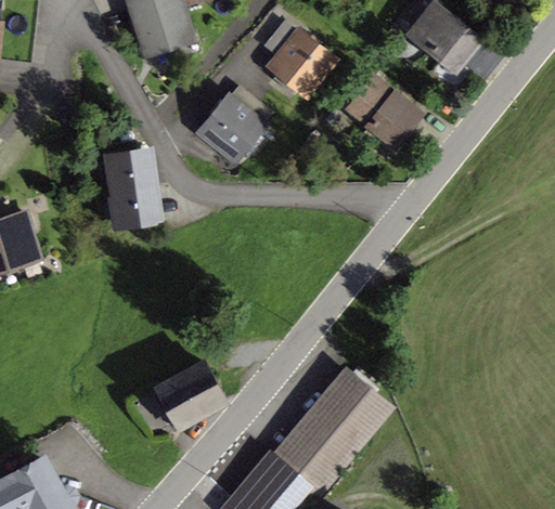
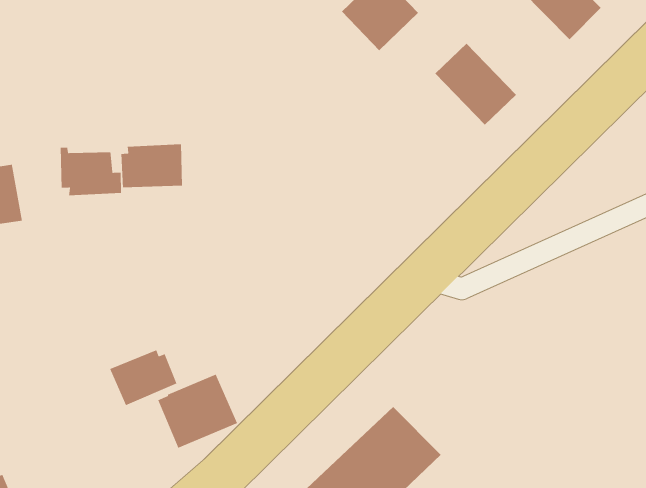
building: [201,97,272,159] -> none
building: [102,152,155,191] -> [60,147,122,196]
building: none -> [109,349,177,406]

